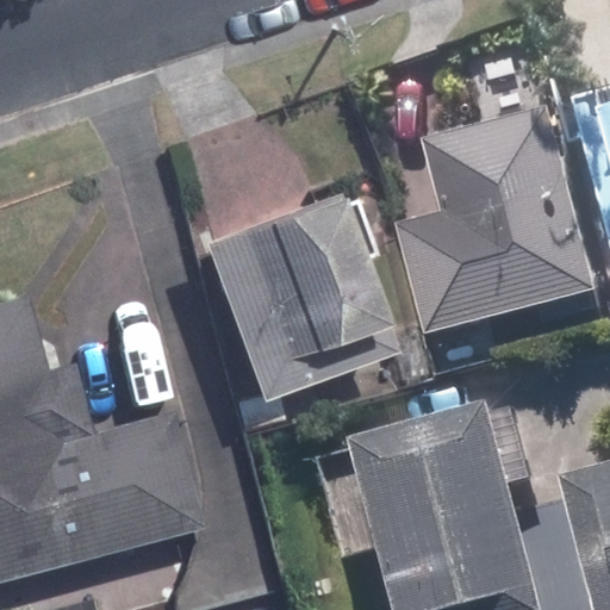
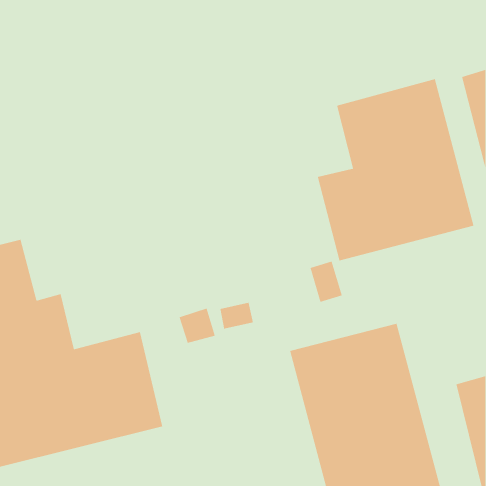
building: [193,180,381,385] -> none

